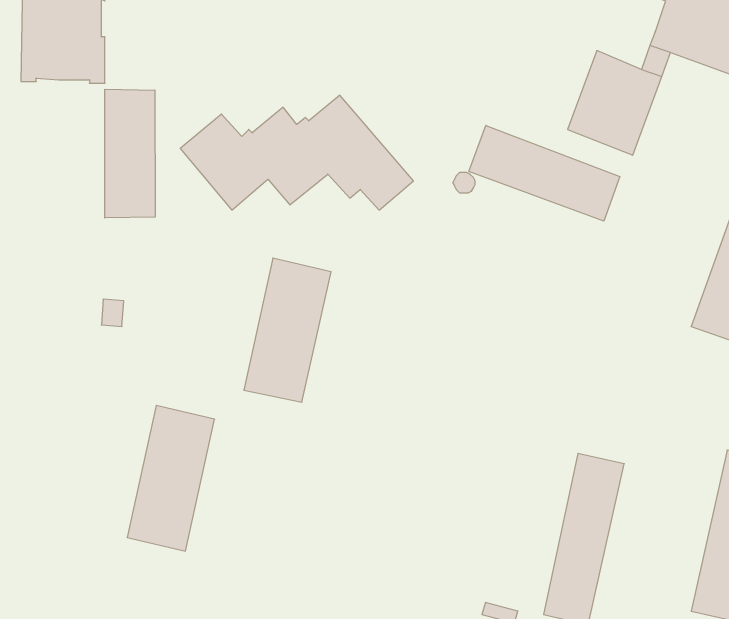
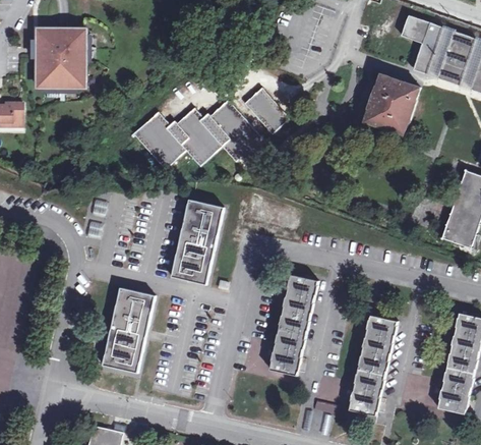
building: none -> [244,88,289,134]
building: [105,89,155,218] -> none
building: [469,125,620,221] -> none
building: none -> [268,273,317,374]

